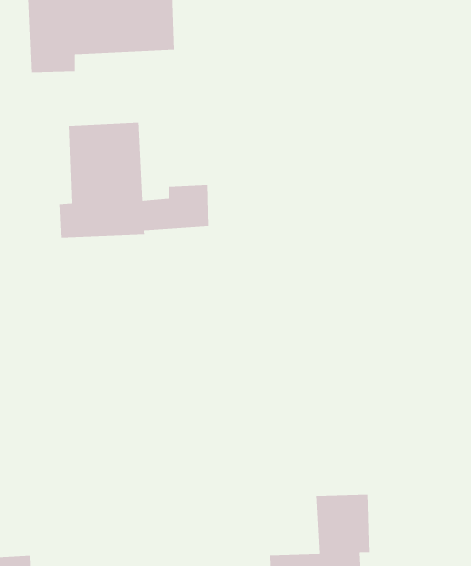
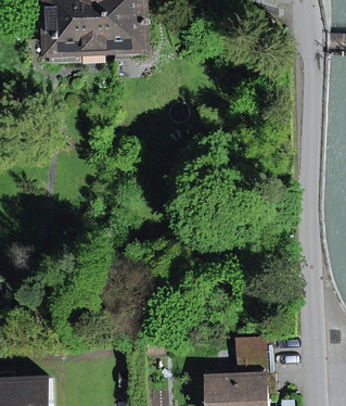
building: [59,122,209,239] -> none

